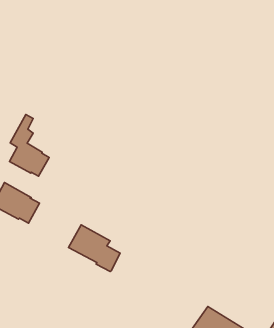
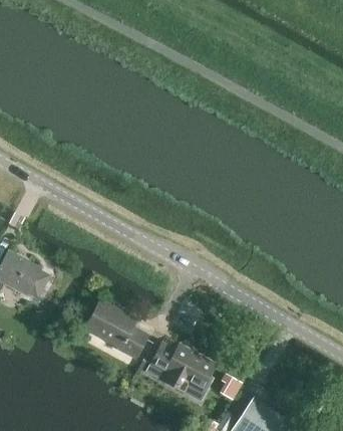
building: [9,114,49,176] -> none
building: none -> [147,344,216,398]

